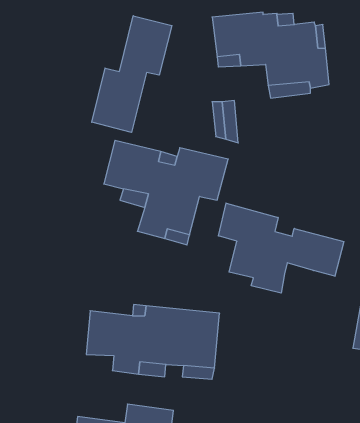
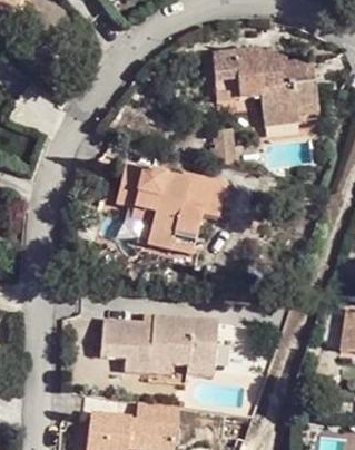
building: [92,16,172,132] -> none
building: [218,203,344,293] -> none

